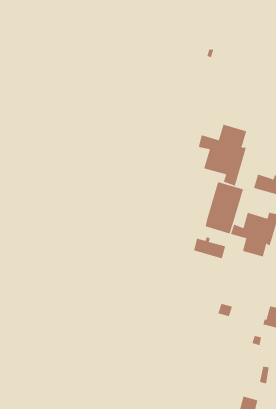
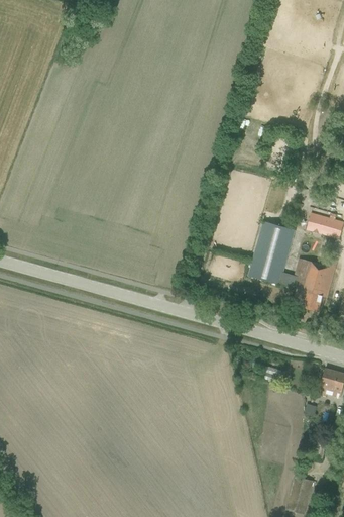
building: [198,124,247,187] -> none
building: [194,236,226,259] -> none

